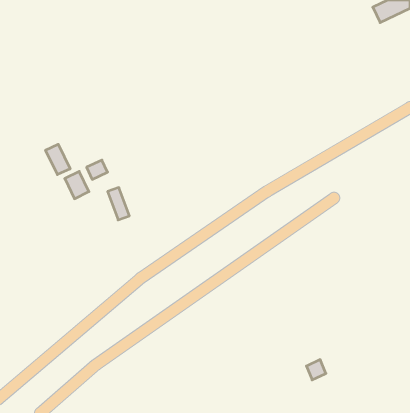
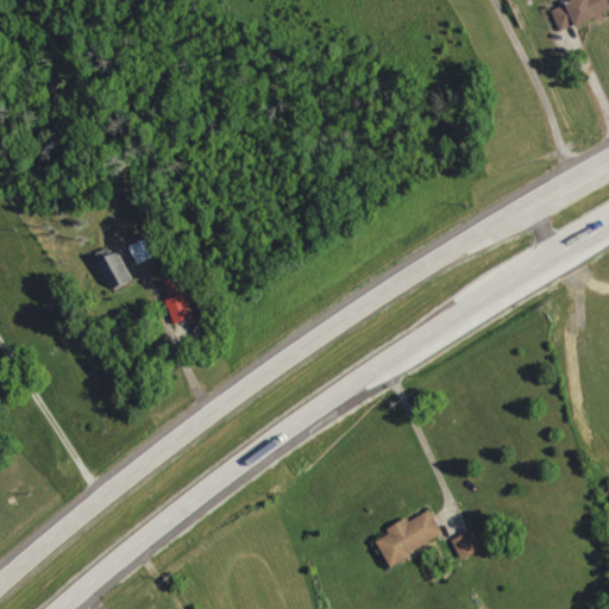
building: [46,144,70,175] -> none
building: none -> [376,508,442,563]

